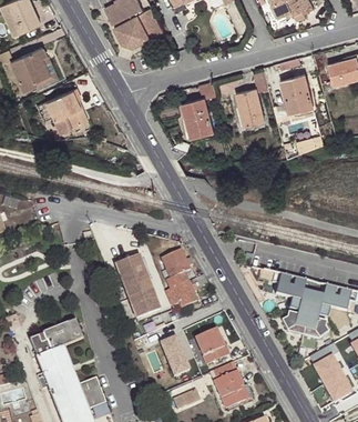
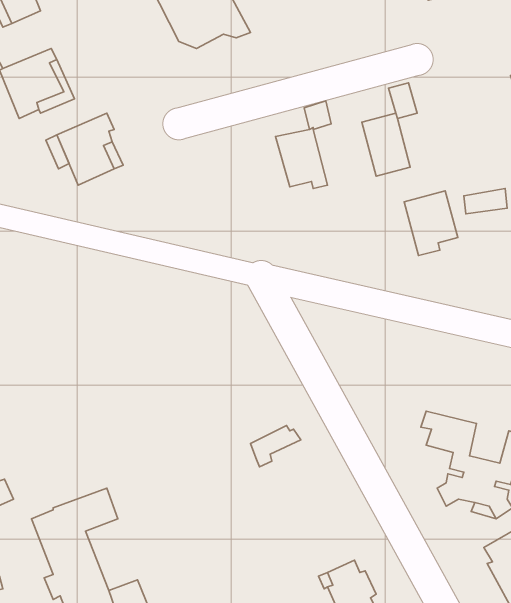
building: [280,73,314,113] -> [404,191,458,256]
building: [161,249,190,289] -> none
building: [115,254,160,316] -> none
building: [195,328,231,363] -> none
building: [162,335,192,376] -> none

